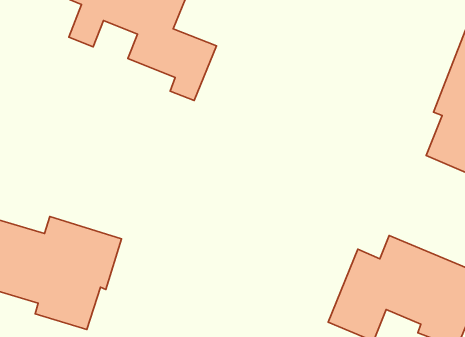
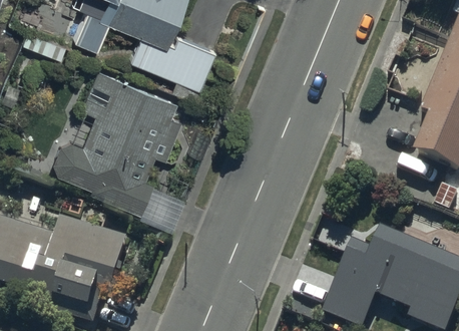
building: none -> [53,71,181,216]

